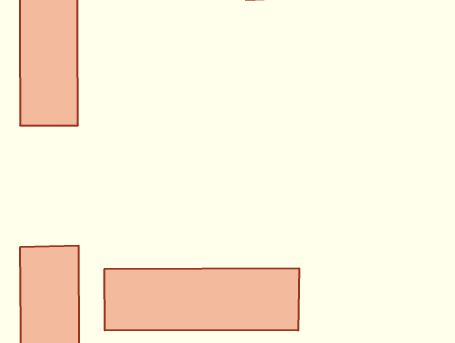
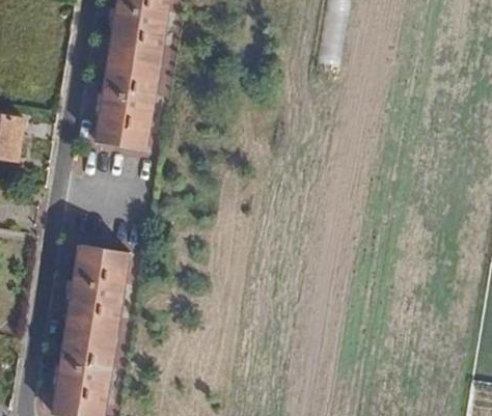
building: [104,268,299,331] -> none

